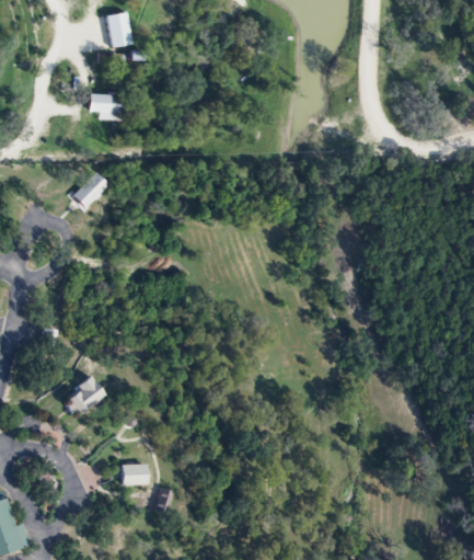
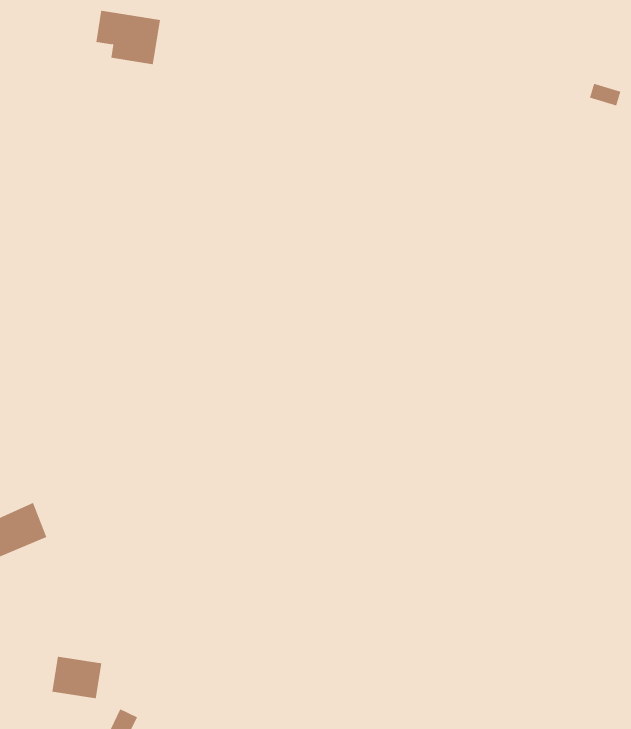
building: [71,173,107,208] -> none

